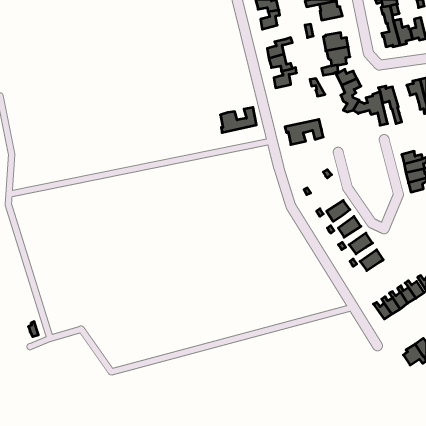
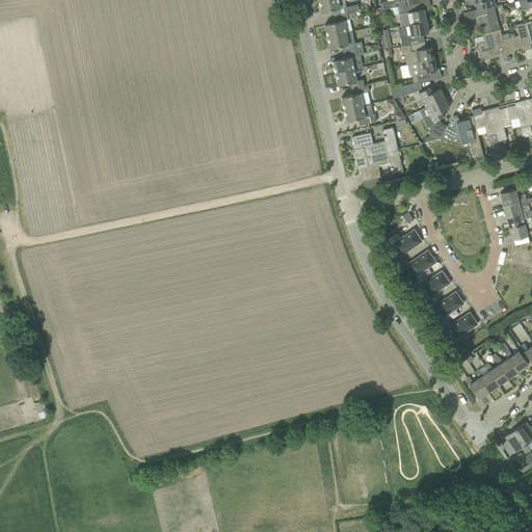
building: none -> [400,20,429,46]
building: none -> [327,31,363,52]
building: none -> [344,102,376,125]
building: none -> [489,106,512,152]
building: [220,107,256,133] -> [353,127,398,158]
building: none -> [389,229,423,255]

